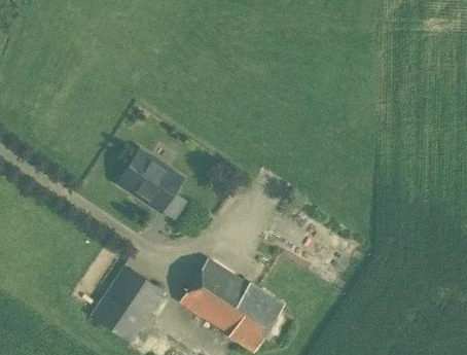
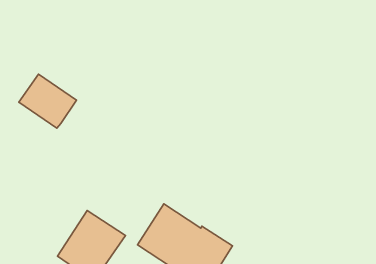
building: [119,151,183,211] -> [19,74,77,128]

